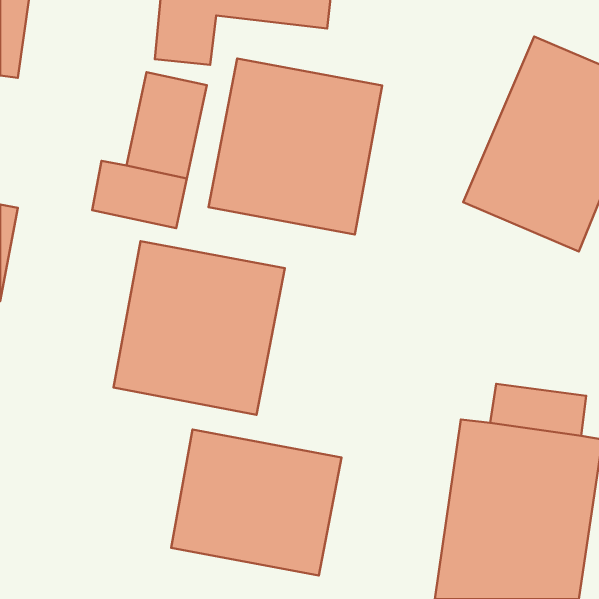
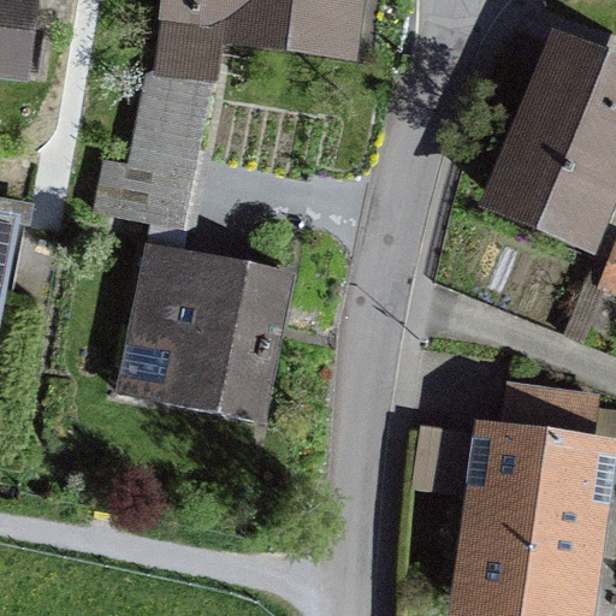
building: [209,58,382,235] -> none
building: [171,430,341,576] -> none

